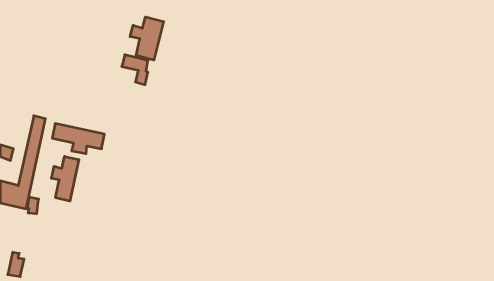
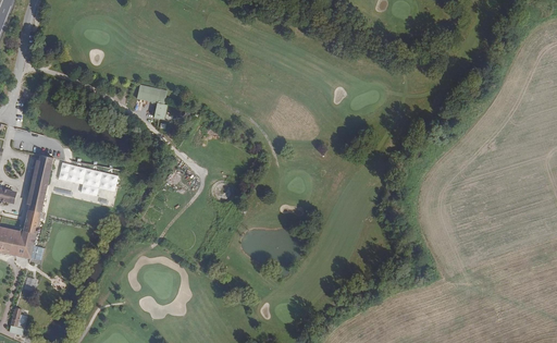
building: [130,17,164,60] -> none
building: [51,156,79,201] -> none

